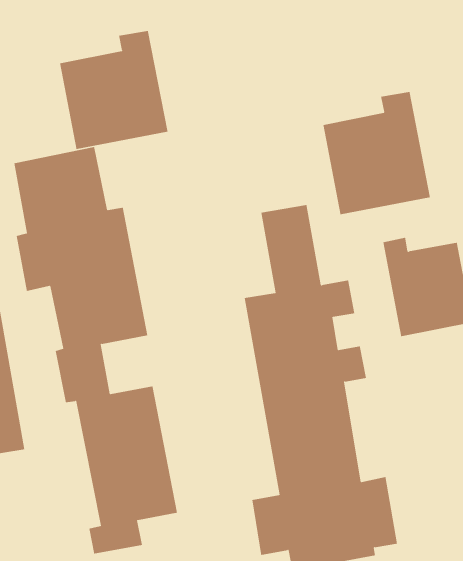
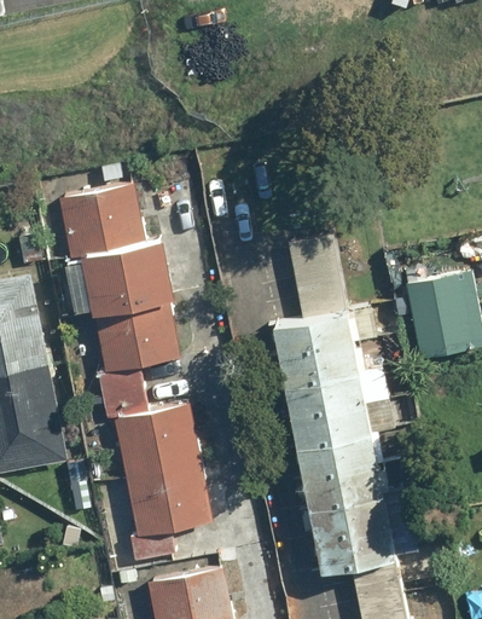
building: [59,30,168,150] -> none
building: [323,91,431,215] -> none

